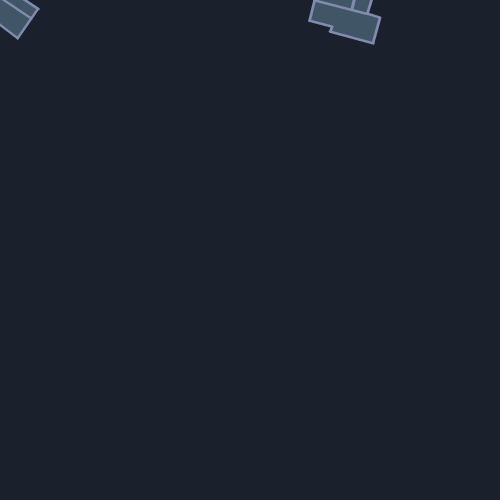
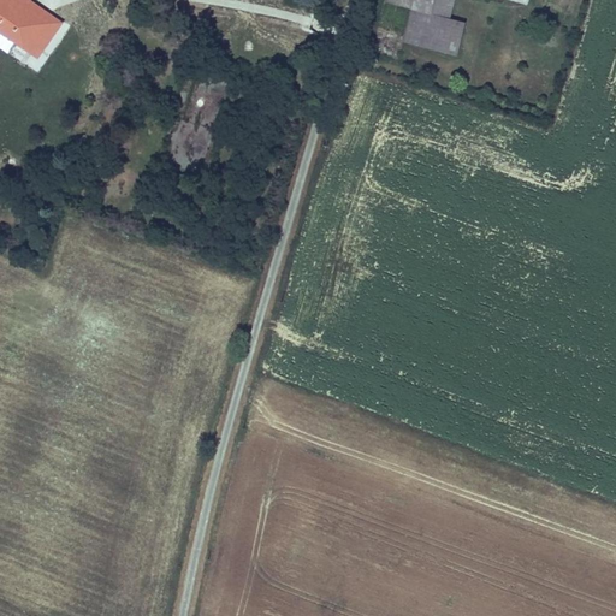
building: none -> [22,23,54,58]

